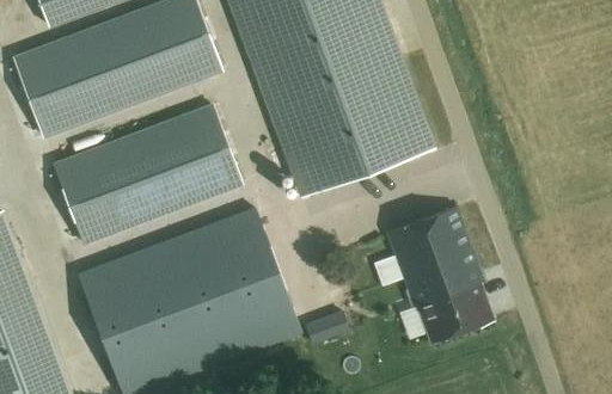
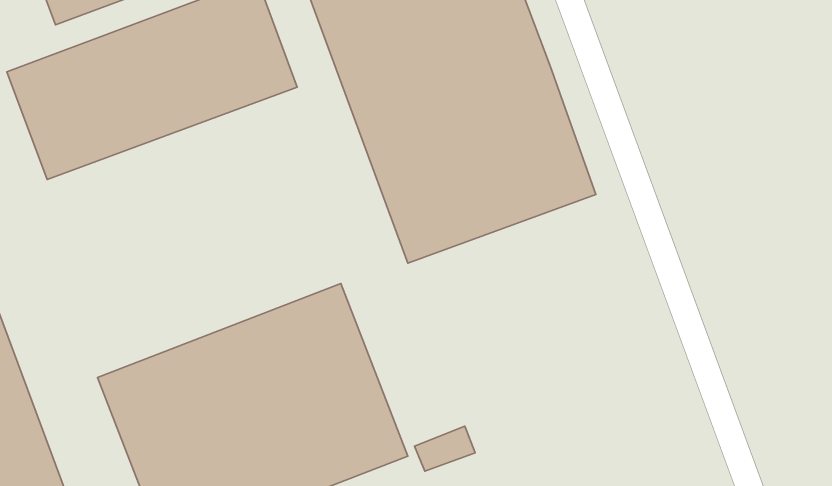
building: [54,106,241,244] -> none
building: [387,208,492,344] -> none

